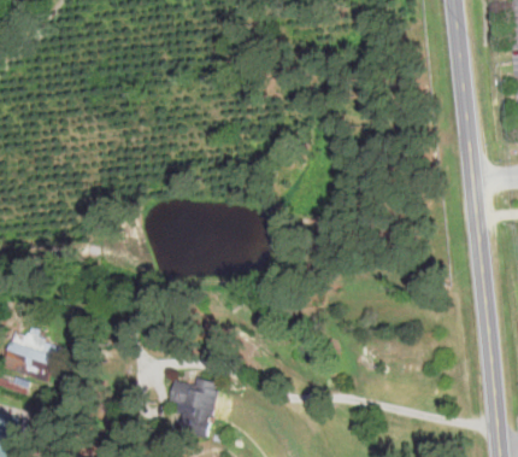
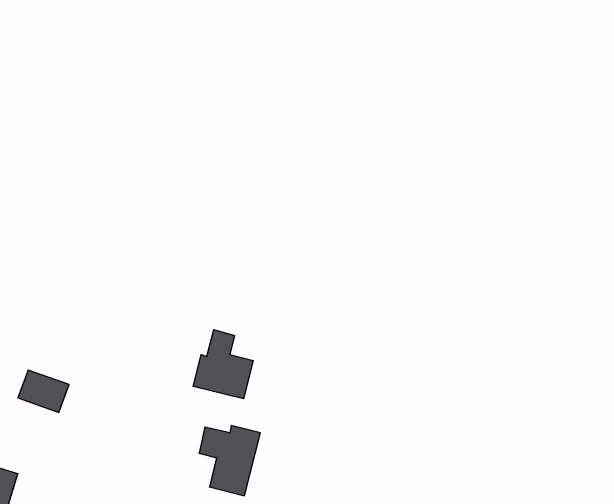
building: none -> [193,330,253,399]

